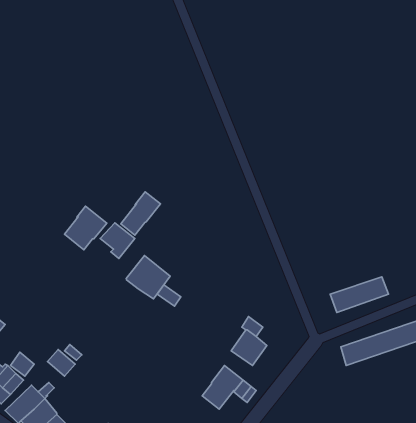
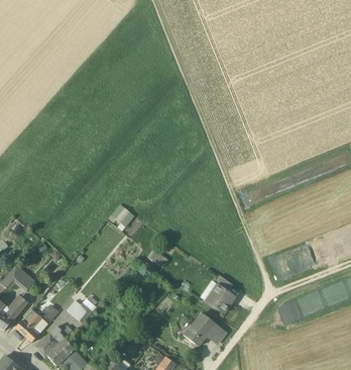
building: [121,192,161,235] -> none
building: [64,206,107,250] -> none
building: [126,255,170,299] -> none

